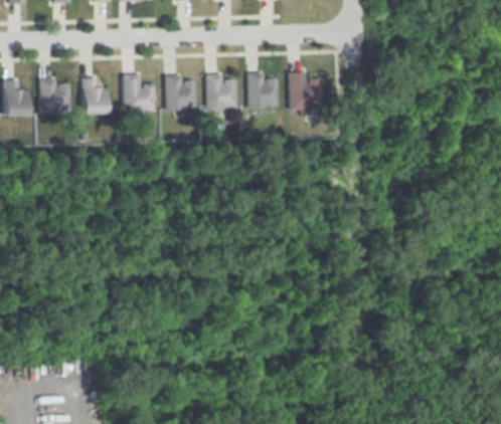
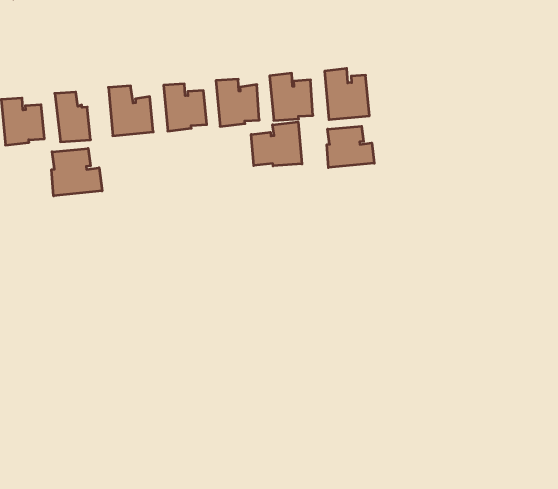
building: none -> [251,122,302,166]
building: none -> [327,126,374,168]
building: none -> [52,148,102,196]

